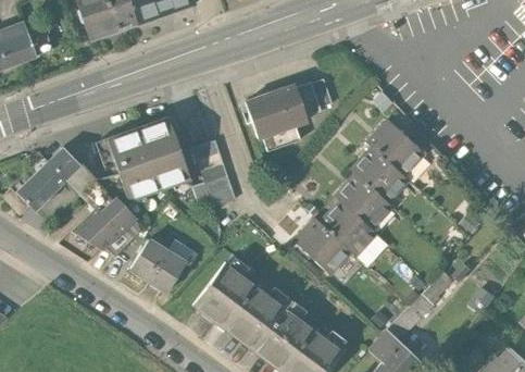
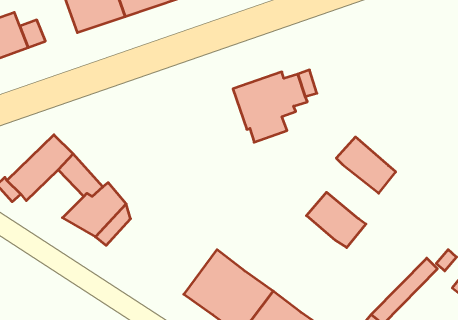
building: [93,115,191,200] -> none
building: [365,119,424,176] -> none
building: [192,141,234,210] -> none
building: [336,175,393,231] -> none
building: [292,221,349,274] -> none
building: [129,237,188,295] -> none

